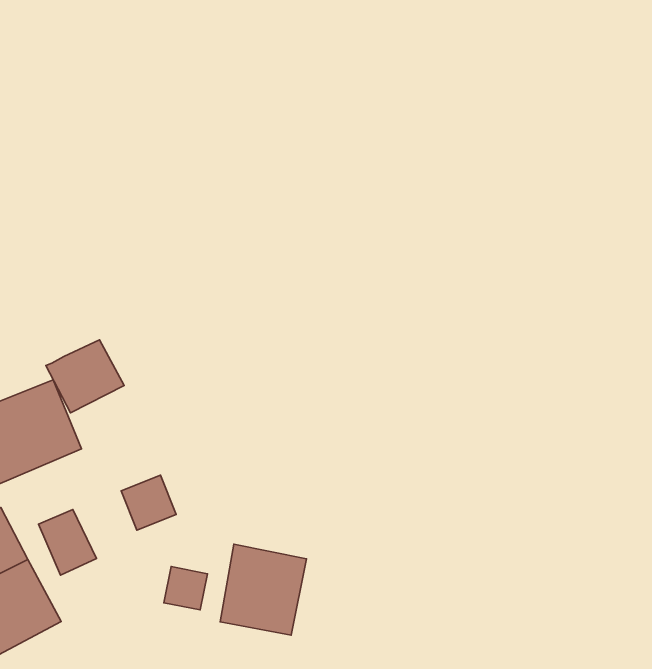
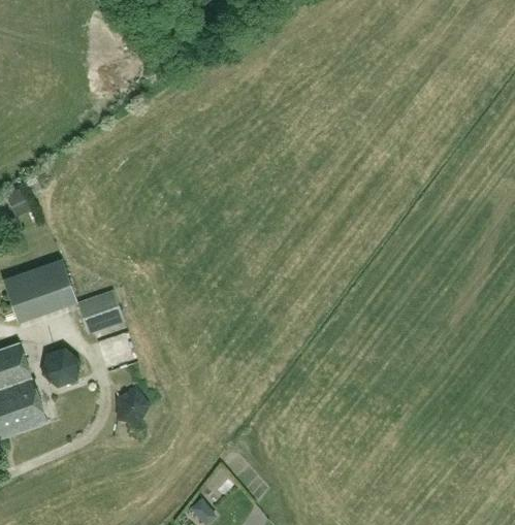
building: [46,340,124,413] -> [76,288,125,332]
building: [220,544,306,635] -> none

